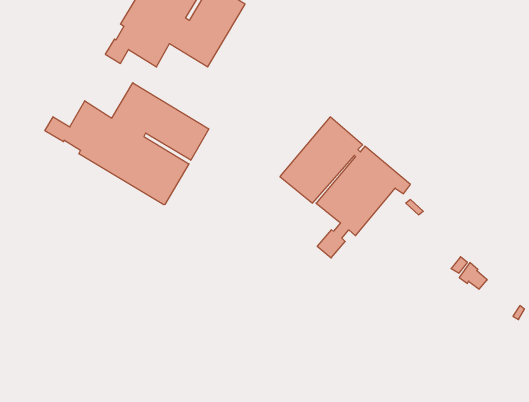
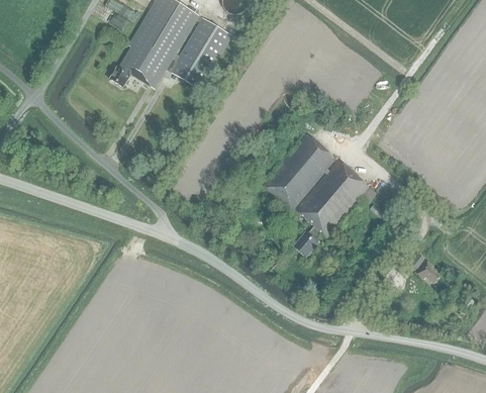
building: [45,83,209,205] -> none

